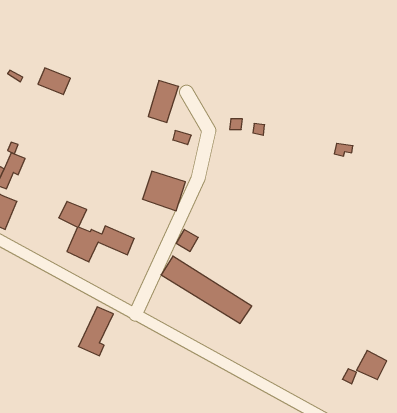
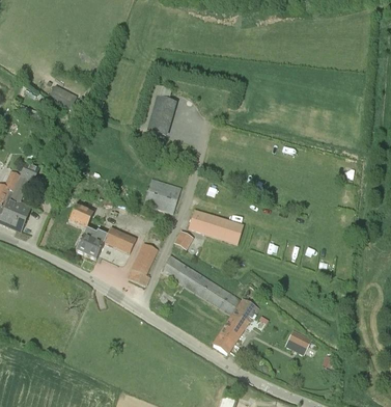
building: none -> [188,209,244,244]
building: none -> [213,297,258,354]
building: [78,307,113,356] -> [127,242,158,286]
building: [357,350,387,380] -> [284,329,311,355]

